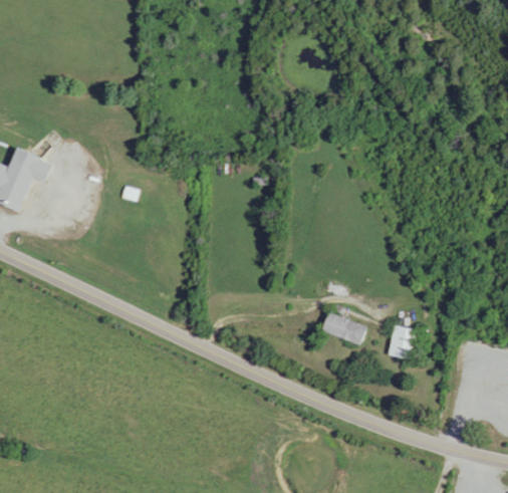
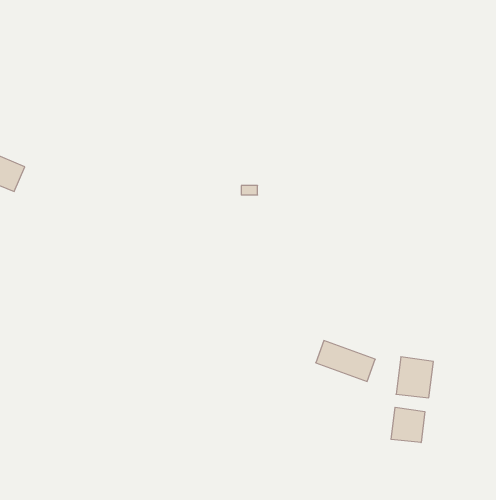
building: none -> [391,407,425,443]

